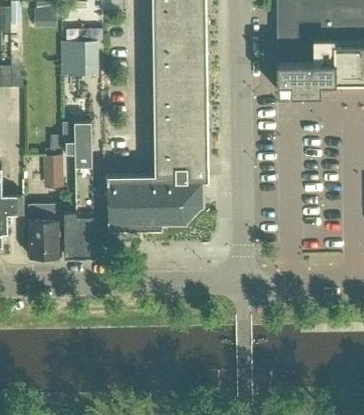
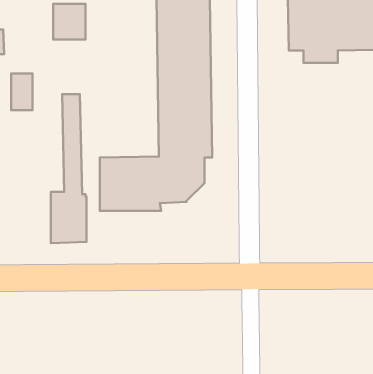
building: [43,155,62,188] -> [11,73,32,110]
building: [27,205,59,256] -> none

